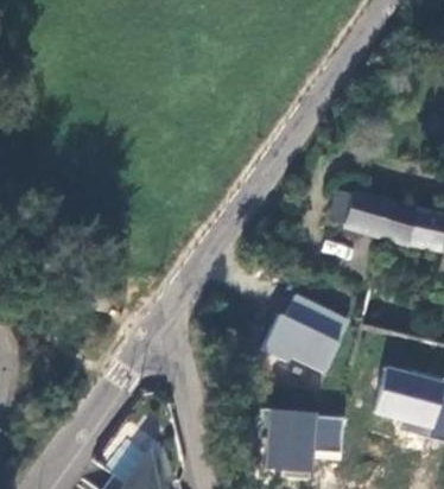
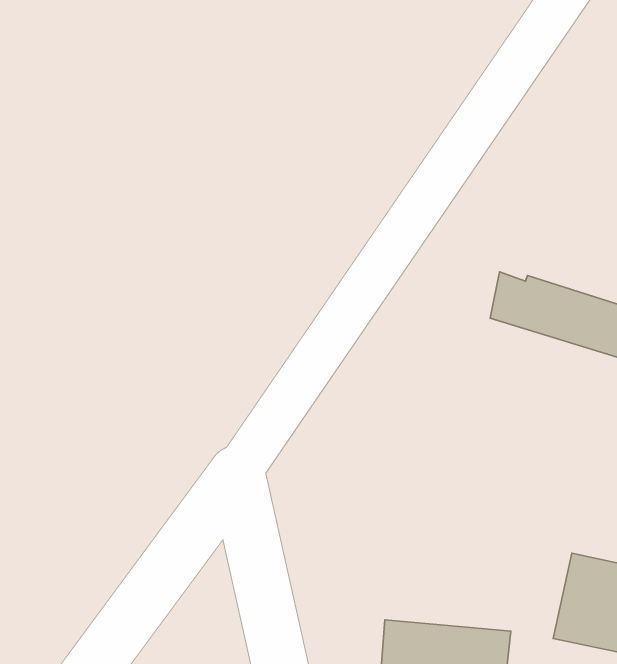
building: [264,292,350,377] -> none

